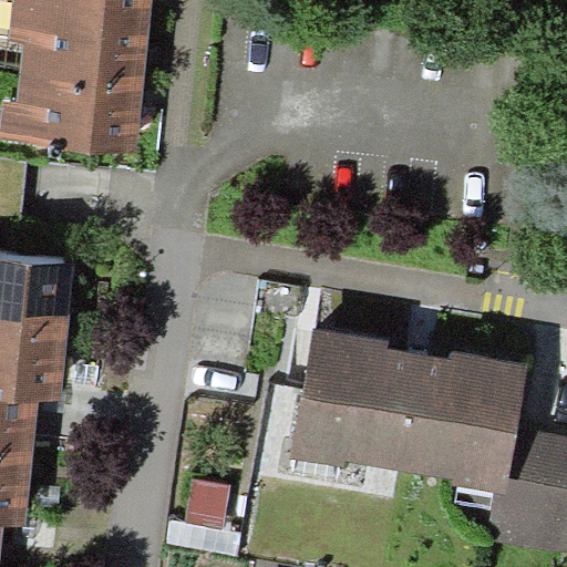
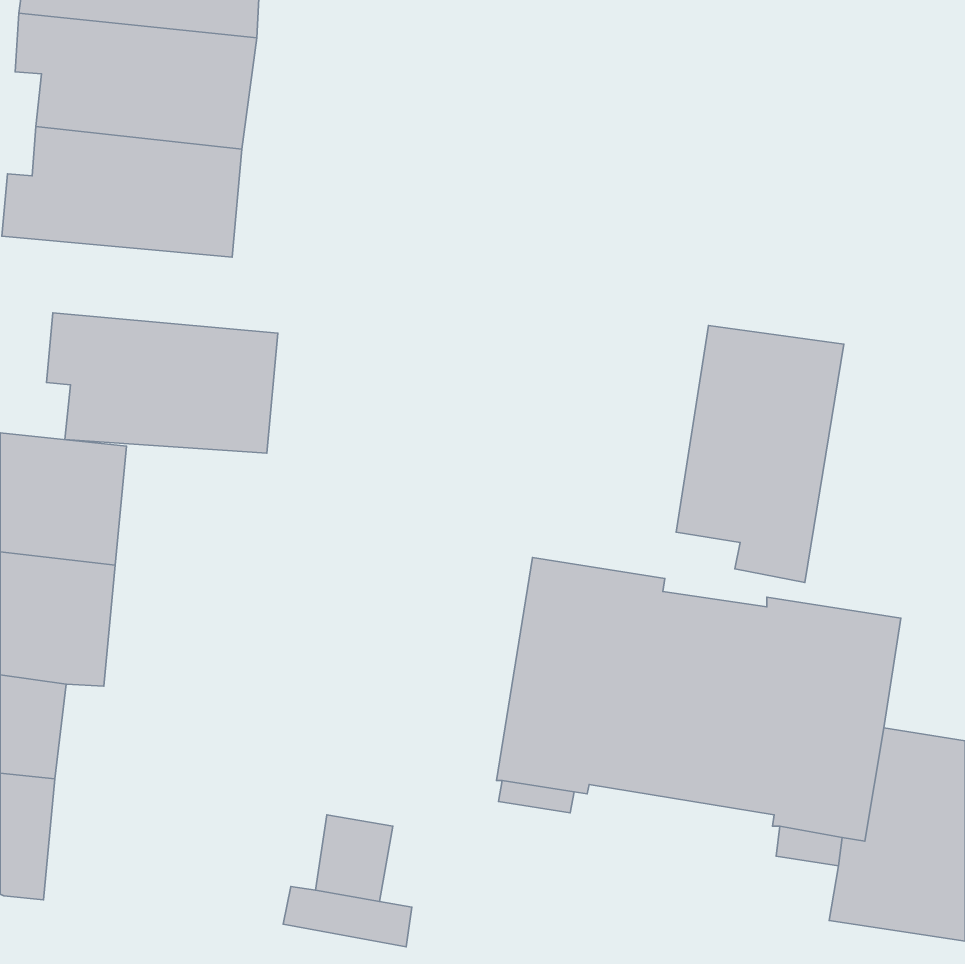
building: none -> [47,313,278,453]
building: none -> [676,326,844,583]

